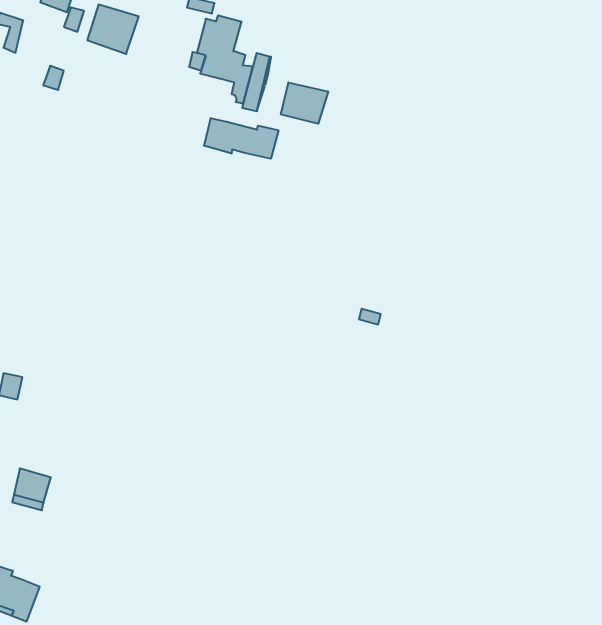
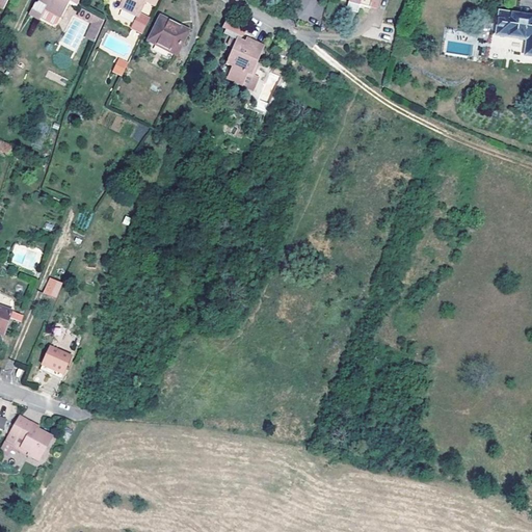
building: [281,82,328,124] -> none
building: [204,118,278,159] -> none

